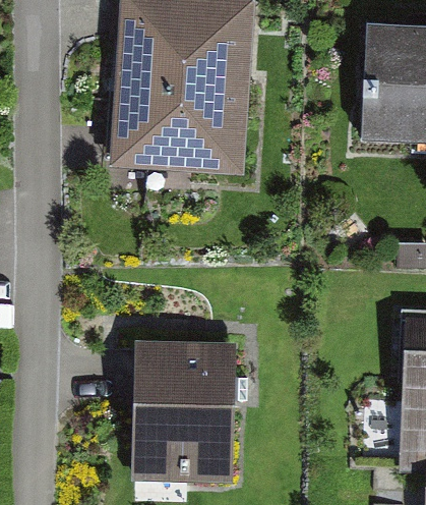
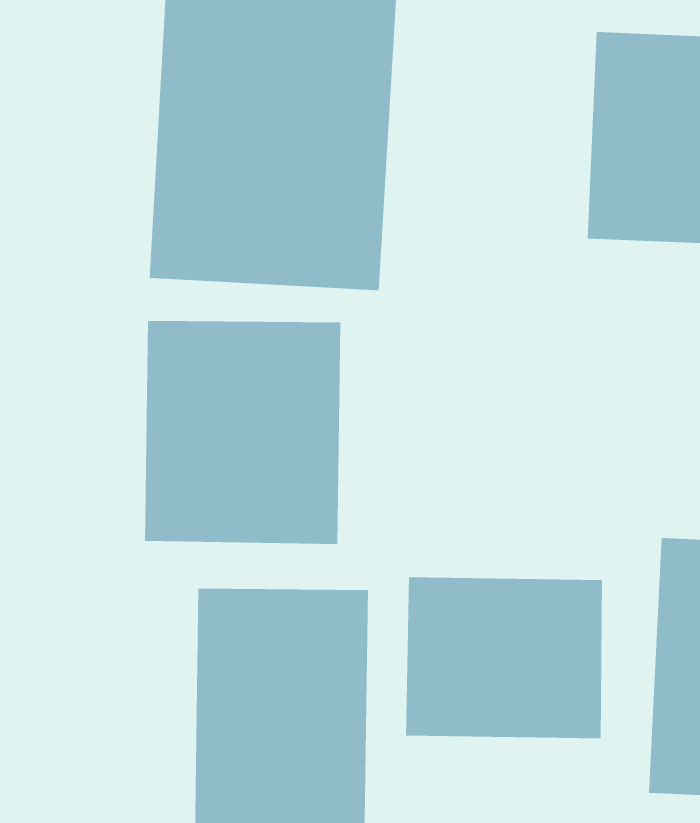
building: none -> [144,320,341,545]
building: none -> [406,577,602,739]

